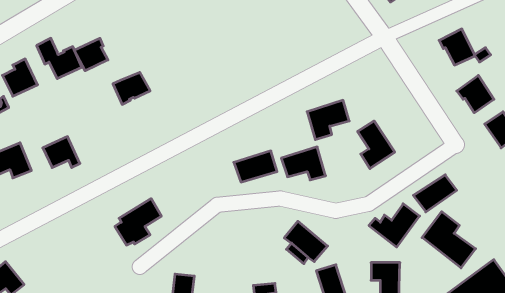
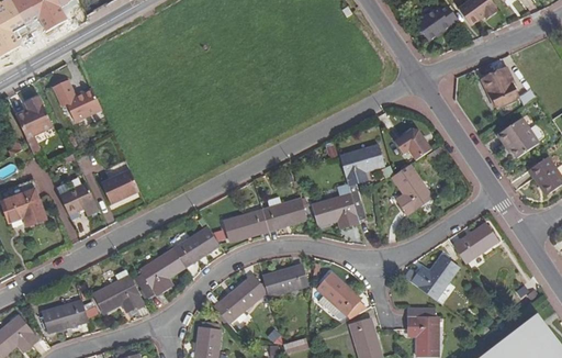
building: [74,38,108,71] -> none
building: [113,72,150,104] -> [100,170,139,204]
building: none -> [393,124,430,163]
building: none -> [224,210,269,243]
building: none -> [173,227,218,267]
building: [422,212,476,268] -> none
building: none -> [261,265,307,297]
building: none -> [93,276,143,313]
building: none -> [214,280,259,323]
building: none -> [42,300,87,333]

